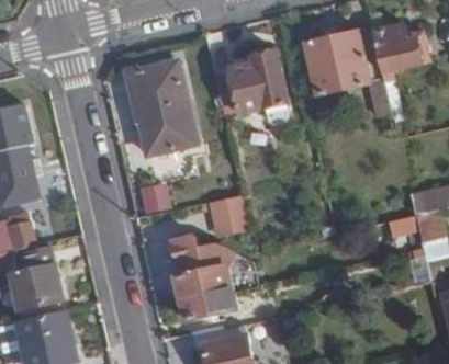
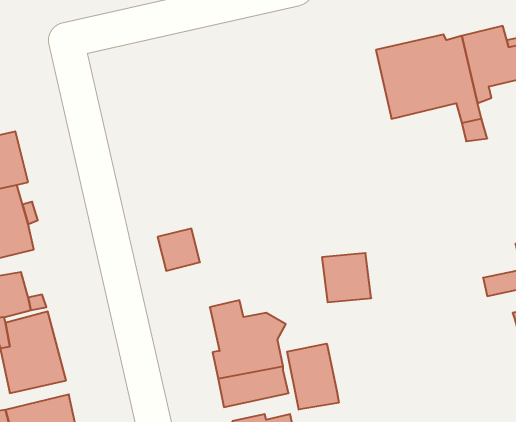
building: [213,50,285,114] -> none
building: [130,64,197,156] -> none
building: [204,197,243,236] -> [322,253,371,302]
building: none -> [287,344,339,410]

